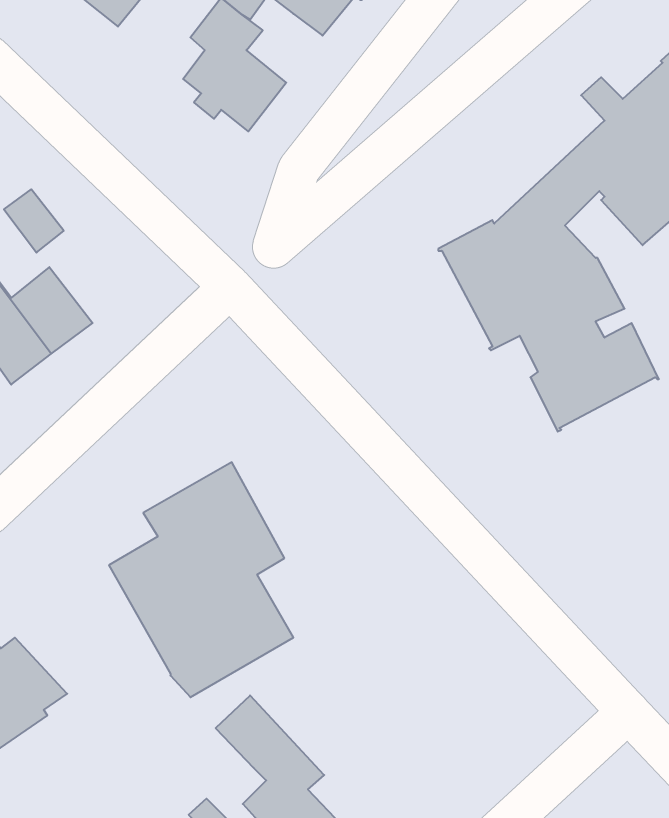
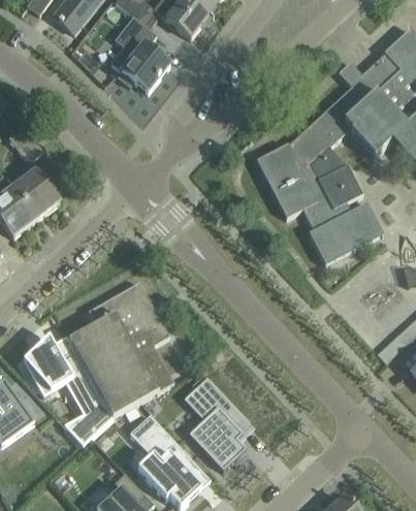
building: none -> [23,336,111,445]
building: none -> [184,376,250,470]

